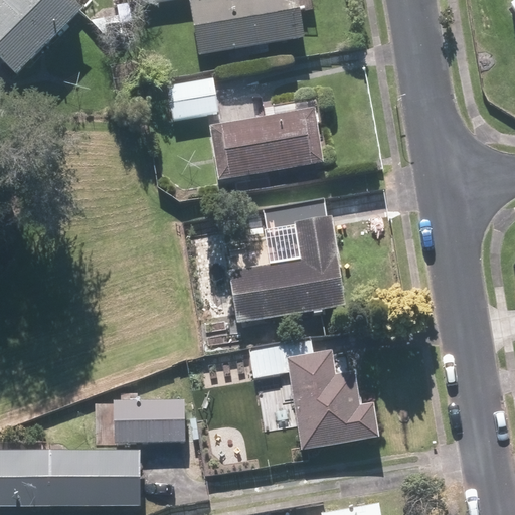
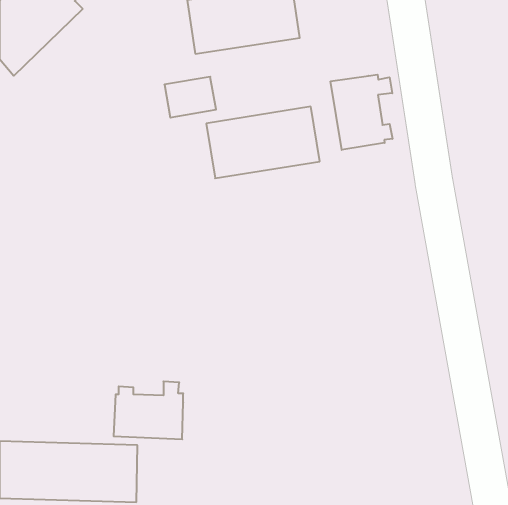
building: none -> [331,75,392,150]
building: [228,201,346,324] -> none
building: [248,339,379,450] -> none

